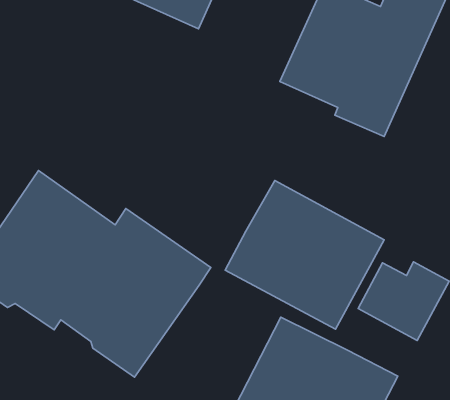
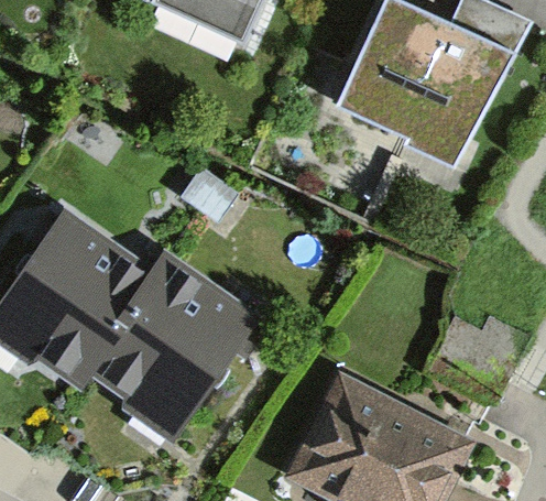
building: [225,180,384,329] -> none

